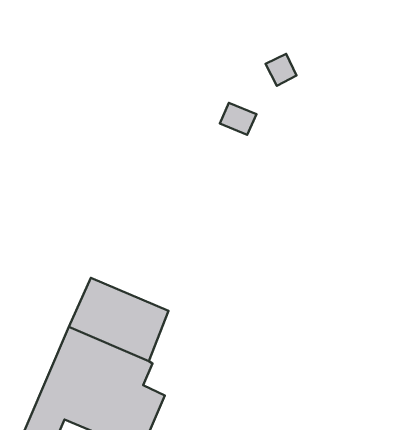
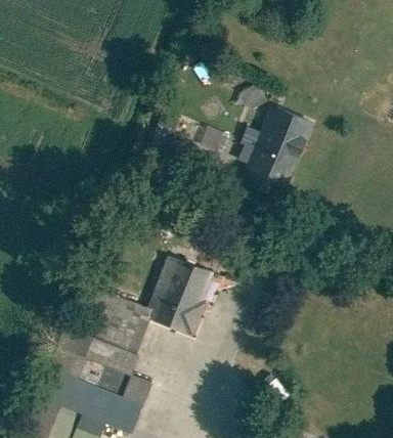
building: none -> [238,106,315,201]
building: none -> [148,254,216,334]

